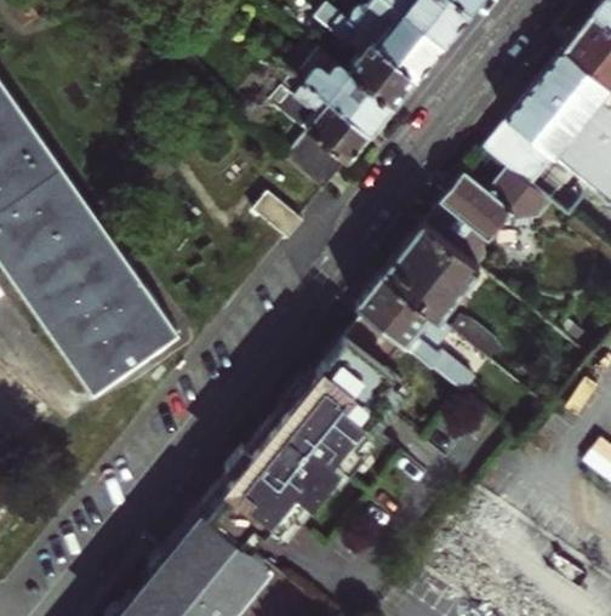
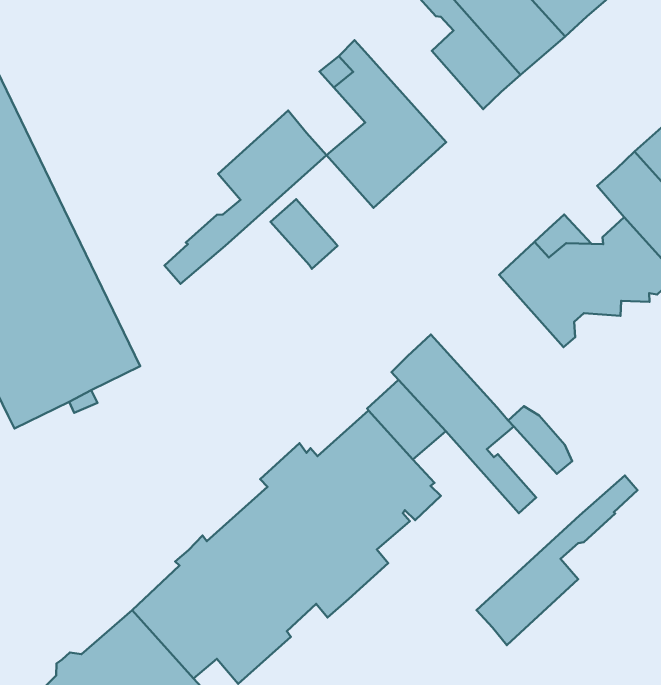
building: [298,47,393,135] -> none
building: none -> [164,110,326,284]
building: [381,224,478,320] -> none
building: none -> [476,476,637,645]

